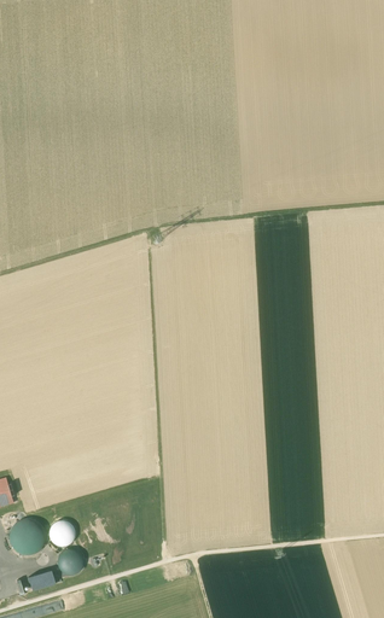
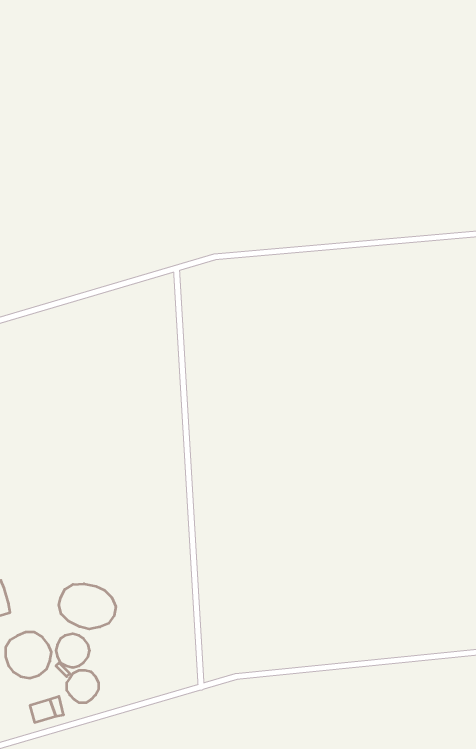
building: none -> [59,584,116,629]

